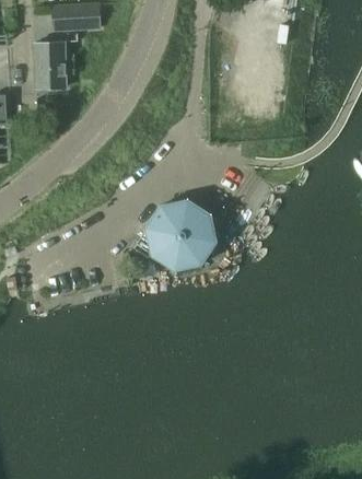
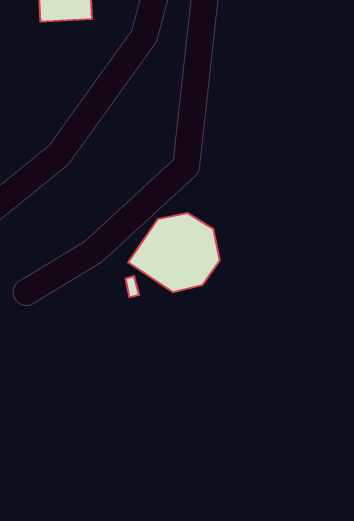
building: [35,42,69,89] -> none

